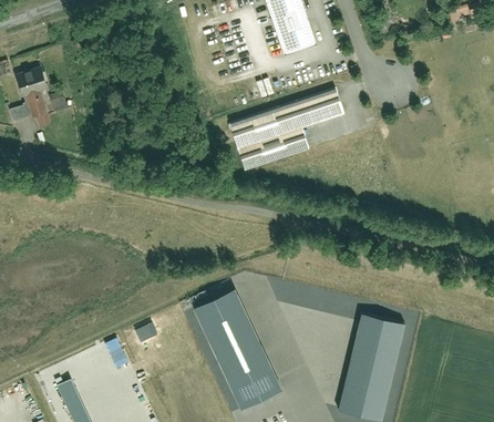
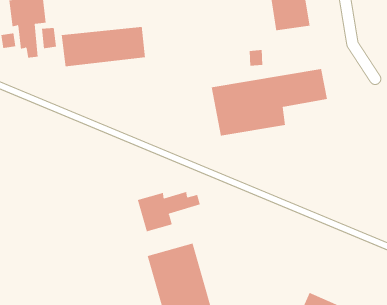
building: none -> [61,26,146,67]
building: none -> [137,191,201,232]

